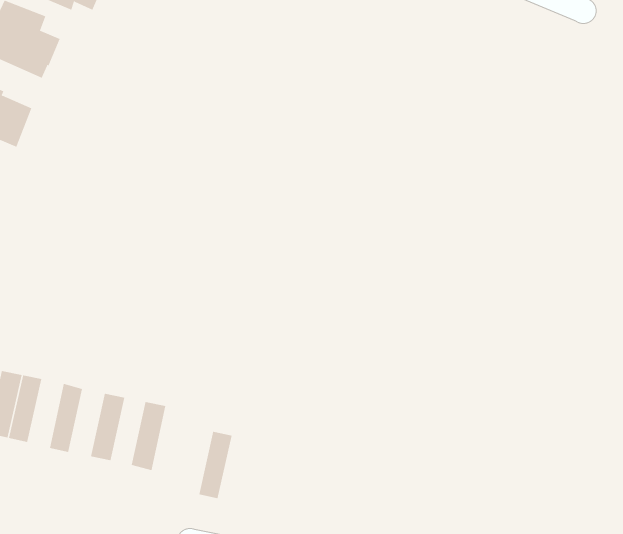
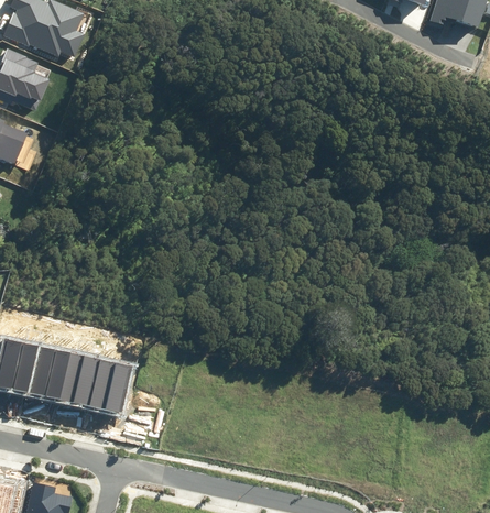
building: none -> [23,345,51,399]
building: none -> [55,352,83,405]
building: [199,431,232,499] -> [88,359,115,412]

